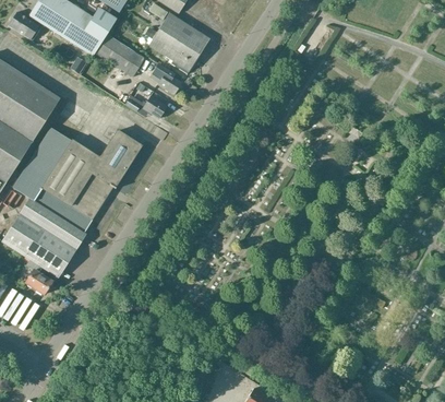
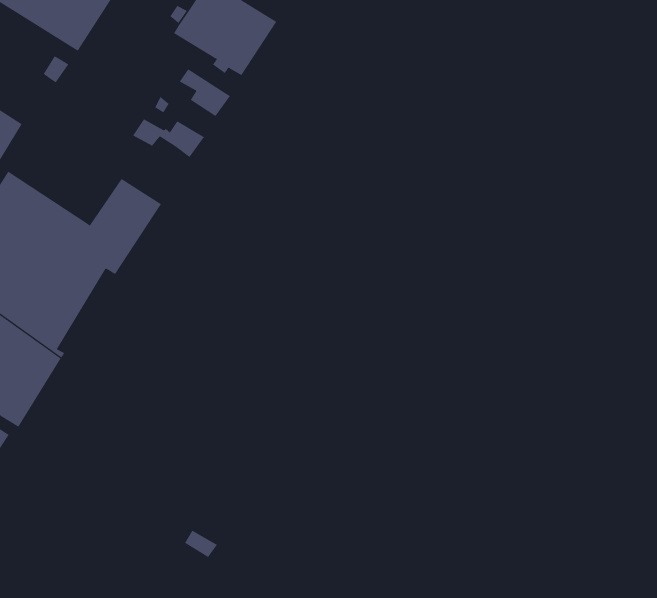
building: [96,35,144,76] -> none

